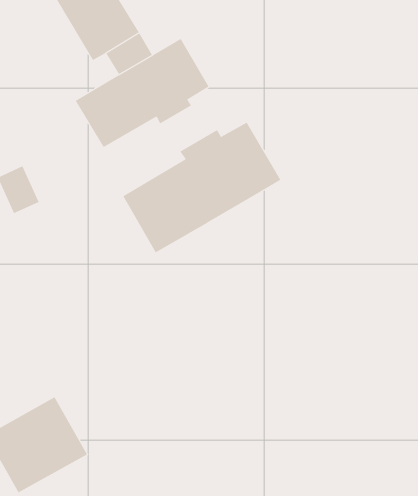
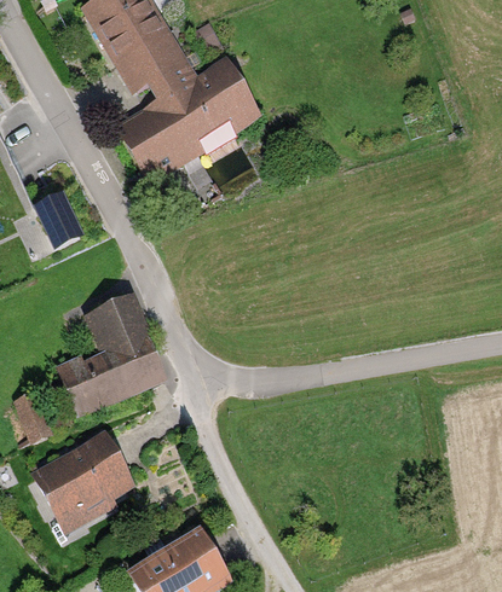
building: [122,122,281,253] -> none
building: none -> [56,295,160,414]

